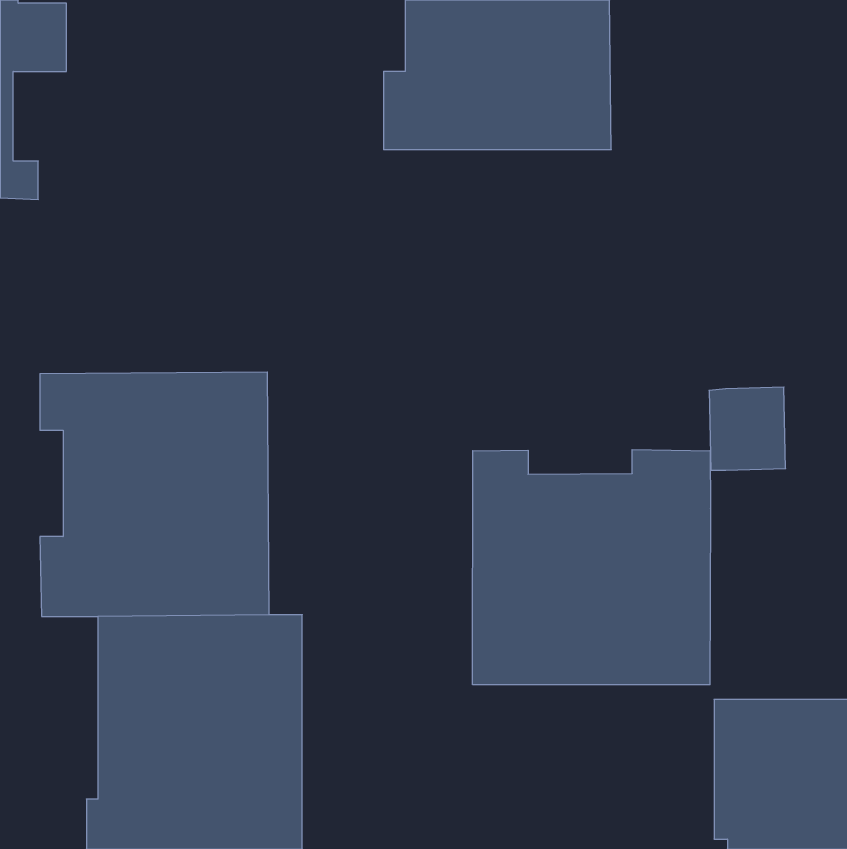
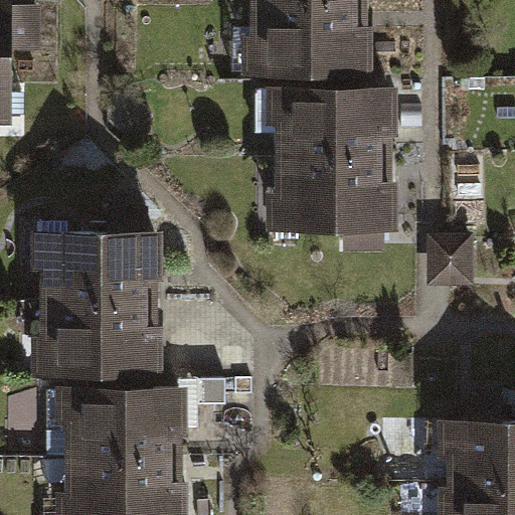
building: none -> [262,91,393,269]
building: [473,450,710,685] -> none

